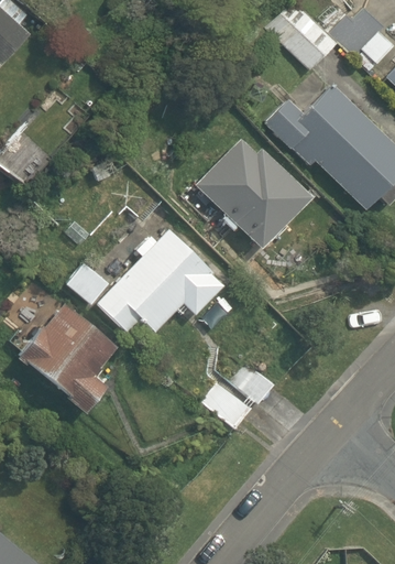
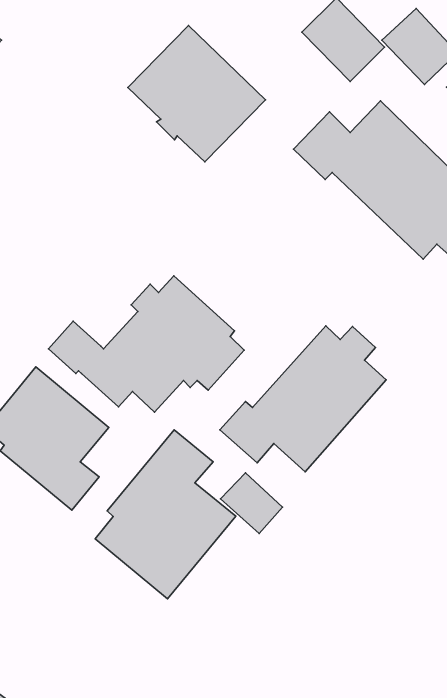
building: [197,139,307,248] -> [128,26,266,162]
building: none -> [220,326,386,472]
building: none -> [95,430,236,599]

